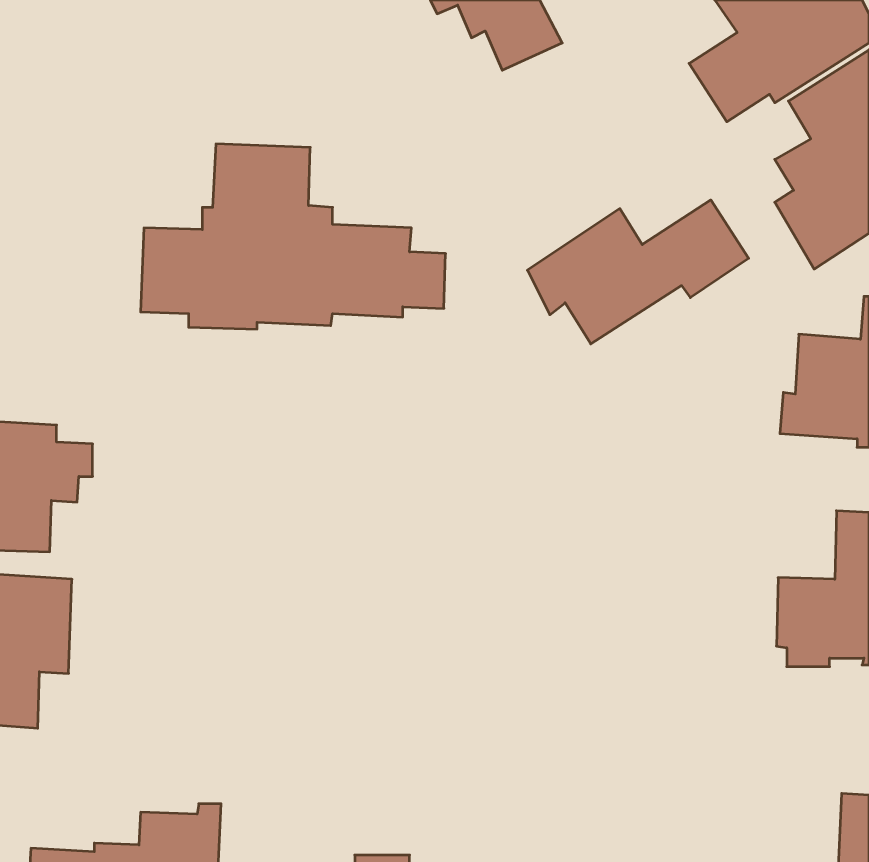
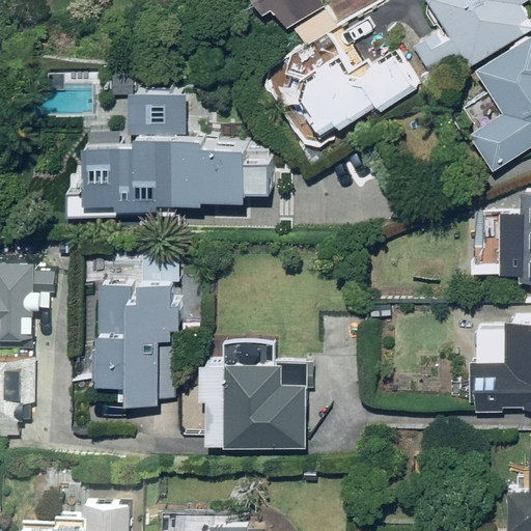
building: [527,200,749,344] -> [283,53,417,140]
building: none -> [93,251,181,404]
building: none -> [199,361,307,447]

